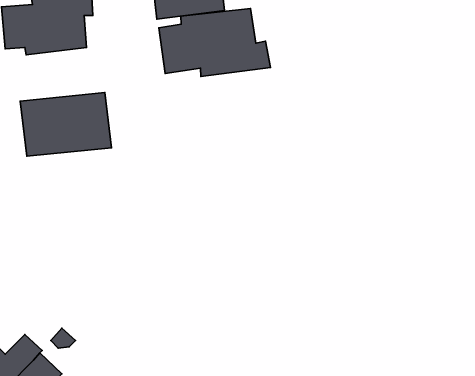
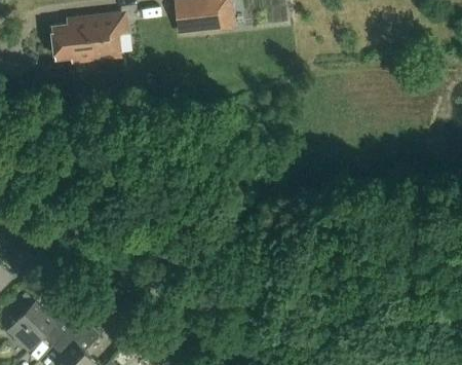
building: [159,9,270,76] -> none
building: [20,92,111,156] -> none

